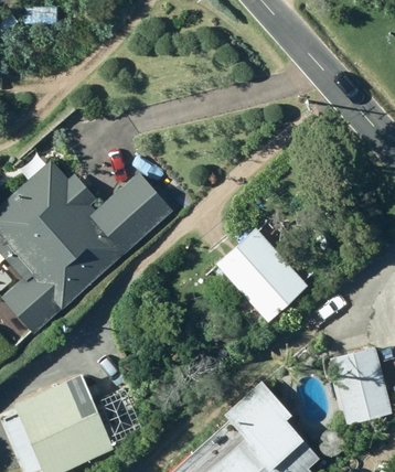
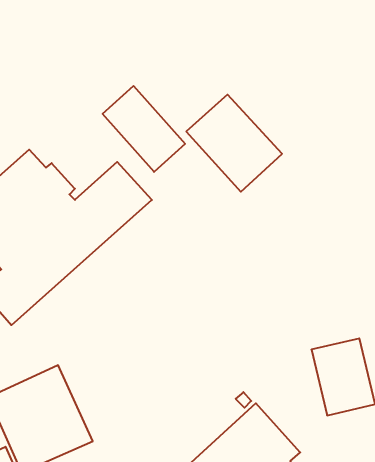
building: none -> [103,86,185,172]
building: [213,227,308,323] -> [186,95,282,192]

